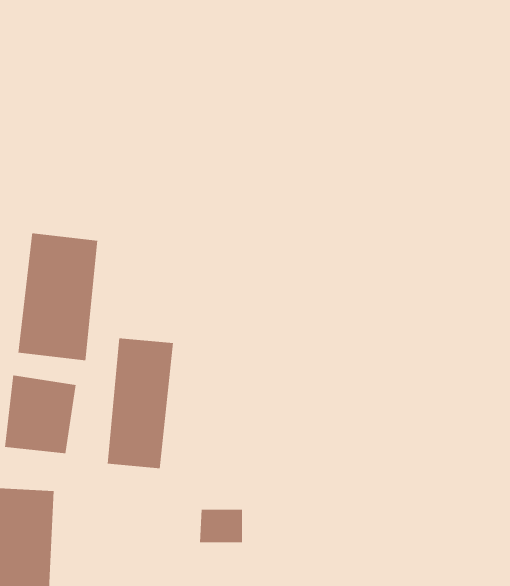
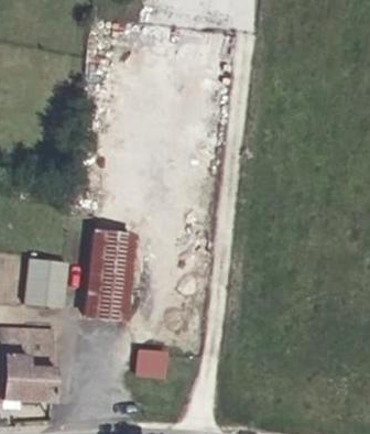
building: [18,233,98,361] -> none

